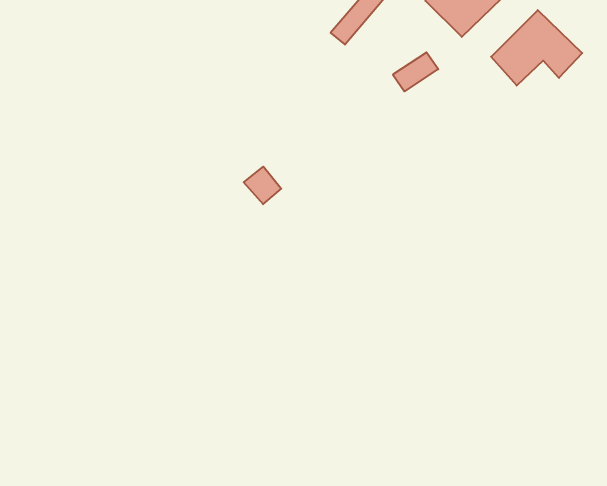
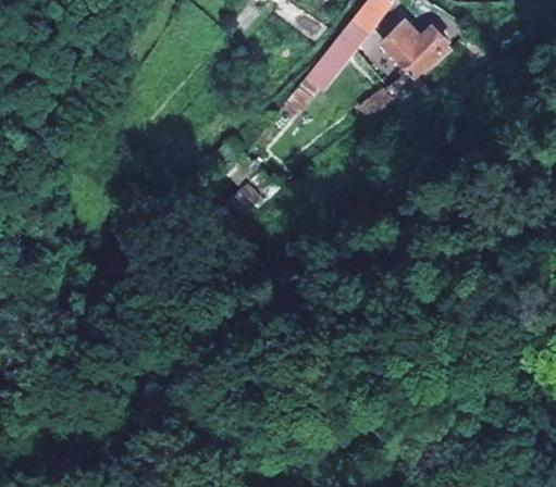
building: [491,10,582,86] -> none

